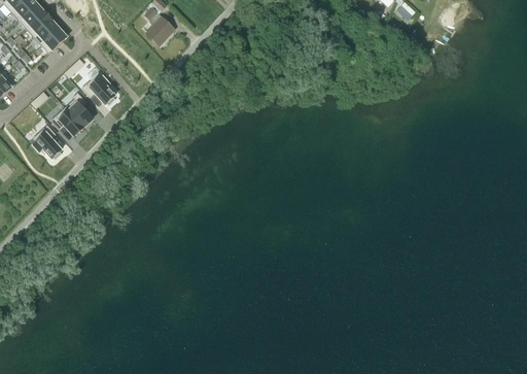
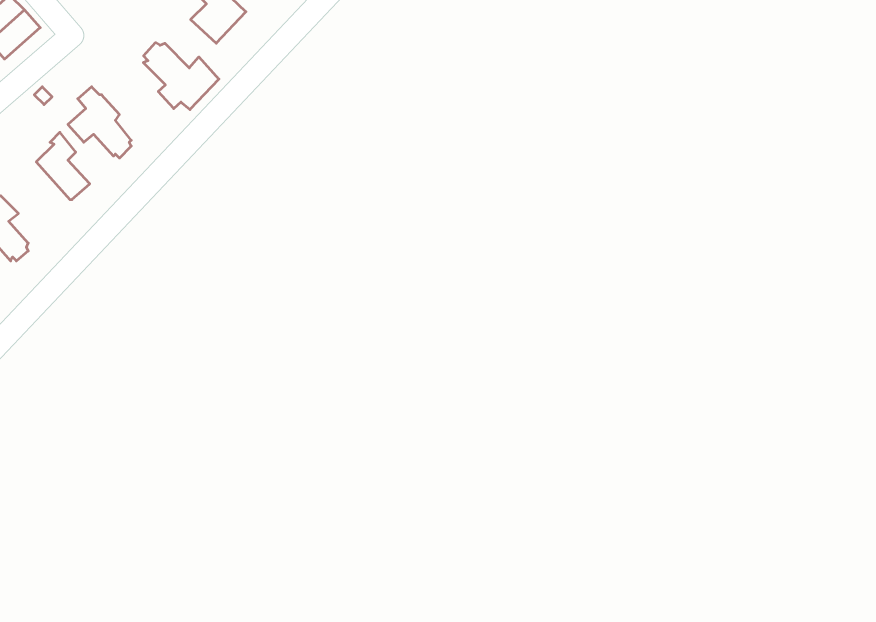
building: none -> [143,43,219,110]
building: [50,107,83,136] -> none

